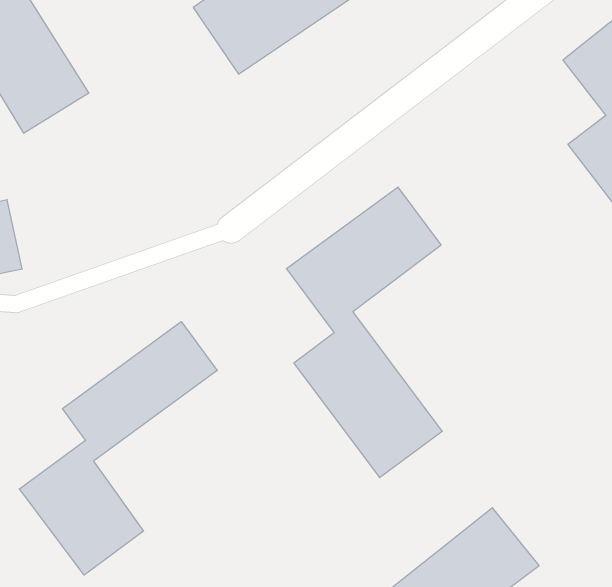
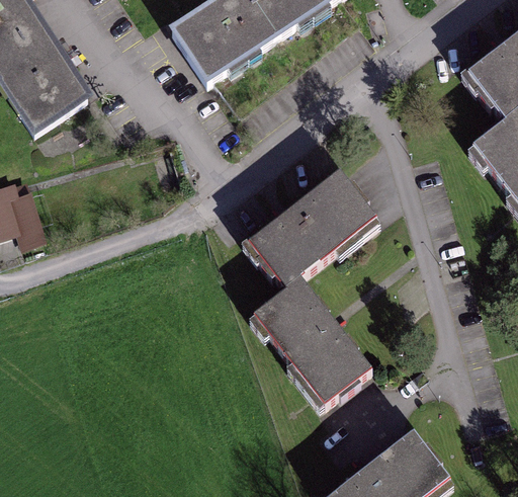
building: [19,322,217,575] -> none

